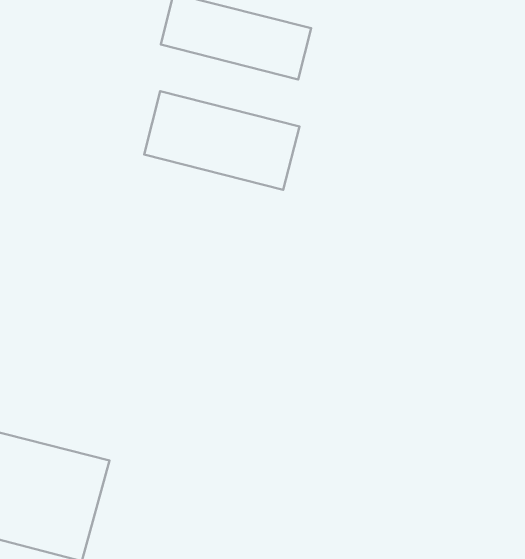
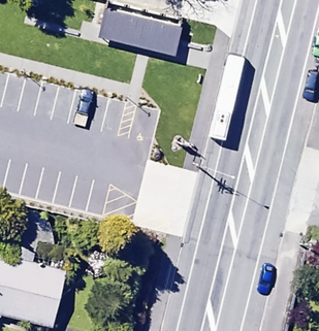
building: [144,91,299,190] -> none

